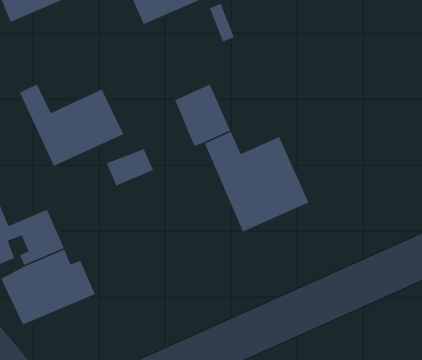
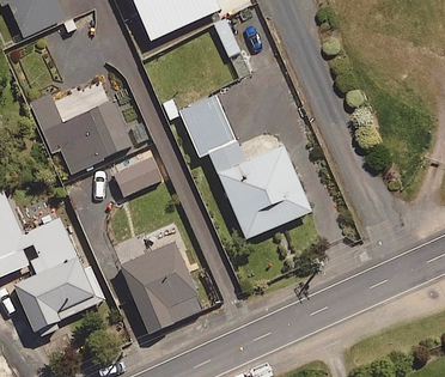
building: none -> [118,225,205,333]

